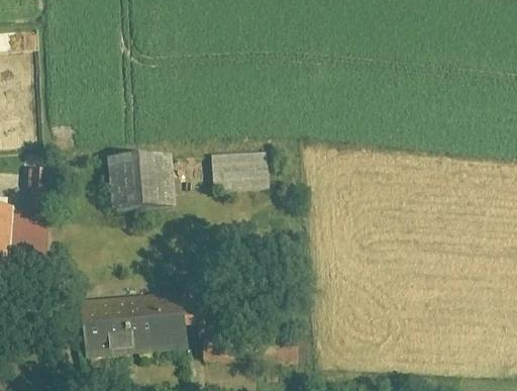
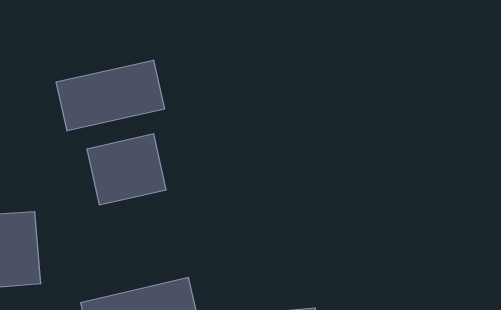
building: none -> [56,60,165,131]
building: [210,150,270,192] -> none

